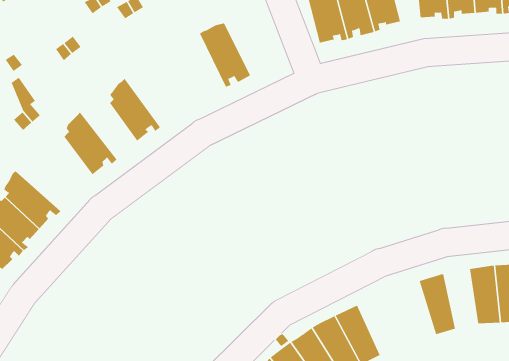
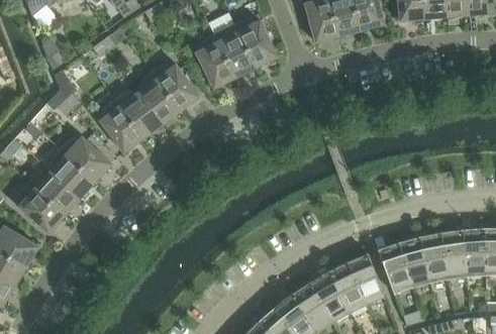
building: none -> [235,20,278,70]
building: none -> [196,34,236,89]
building: none -> [152,64,200,113]
building: none -> [114,92,162,140]
building: none -> [60,136,112,184]
building: none -> [420,232,449,283]
building: none -> [378,242,413,294]
building: none -> [348,253,385,305]

